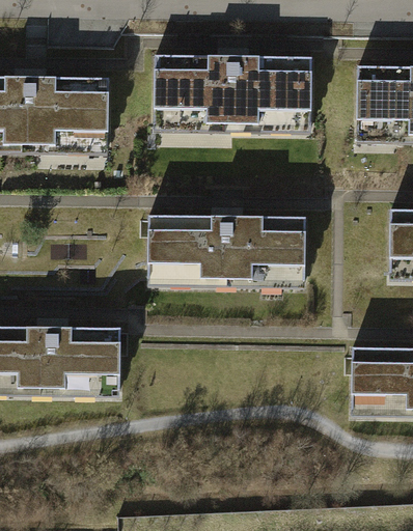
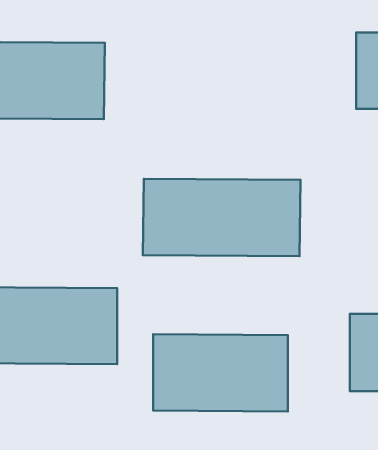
building: [153,51,311,129] -> none
building: none -> [153,334,288,412]

